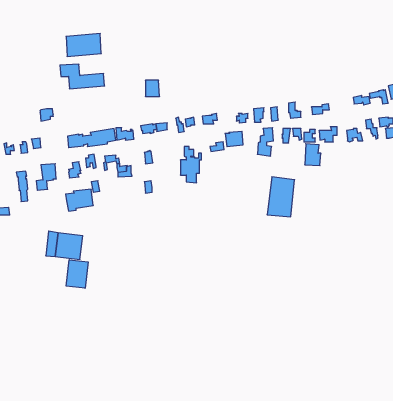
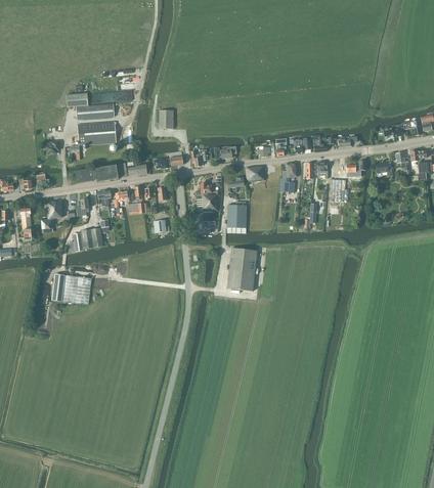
building: [66,34,101,56] -> [78,121,116,145]
building: none -> [227,202,247,233]
building: [267,177,295,217] -> [227,248,257,291]
building: [66,260,88,288] -> none

